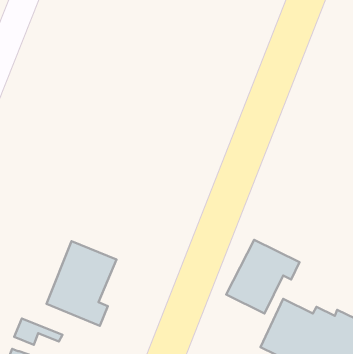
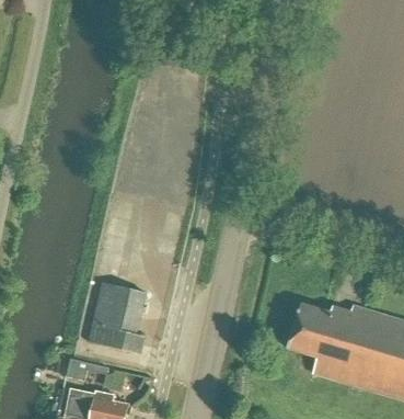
building: [226,240,300,314] -> none

